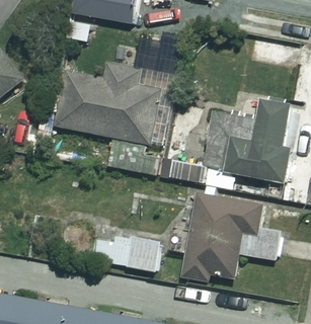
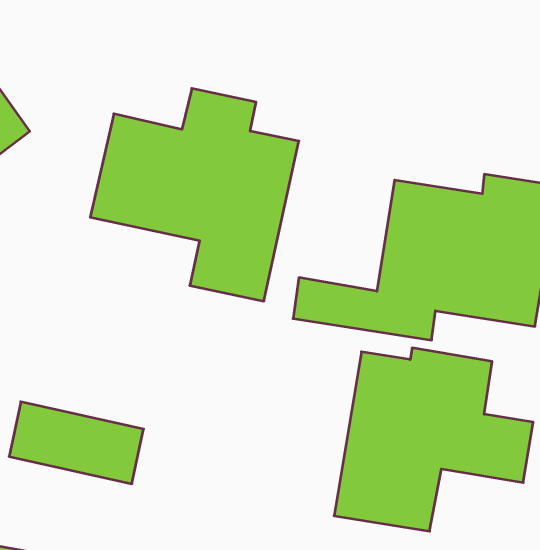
building: [90,229,160,271] -> [9,402,144,484]

